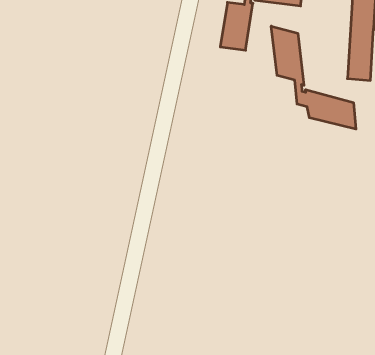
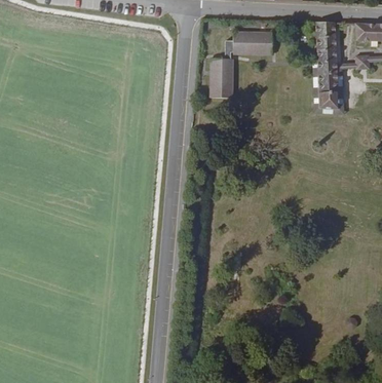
building: [271,26,356,129] -> none

